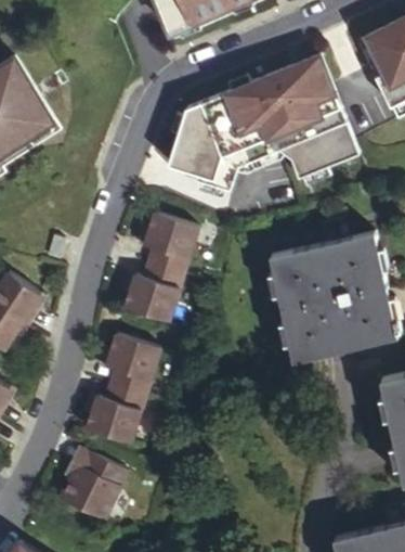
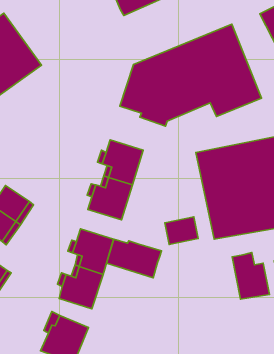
building: none -> [165,217,198,245]
building: none -> [106,239,162,278]
building: none -> [232,253,270,299]

